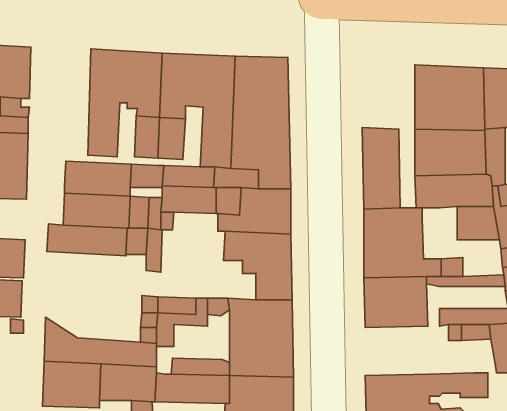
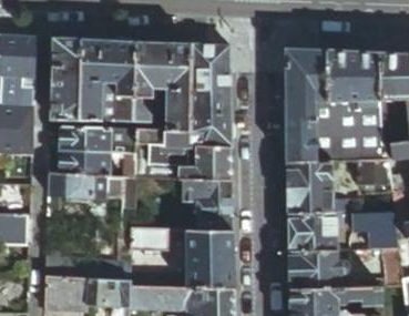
building: none -> [50,39,81,121]
building: none -> [286,51,327,101]
building: none -> [289,251,350,288]

